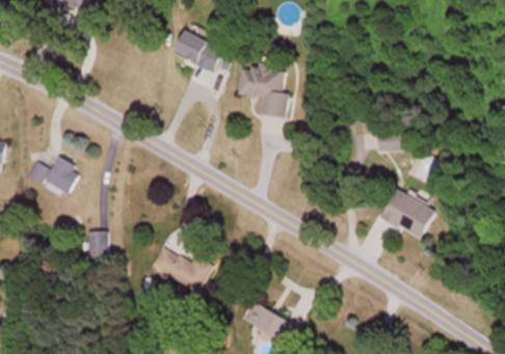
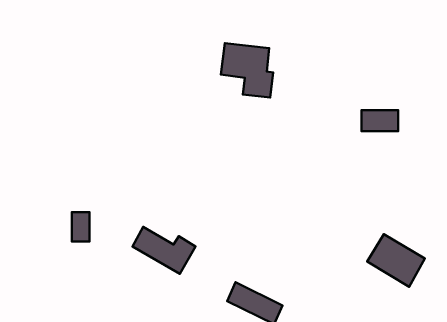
building: [175,30,224,71] -> none
building: [26,157,80,196] -> none
building: [378,187,435,239] -> [367,234,425,287]

